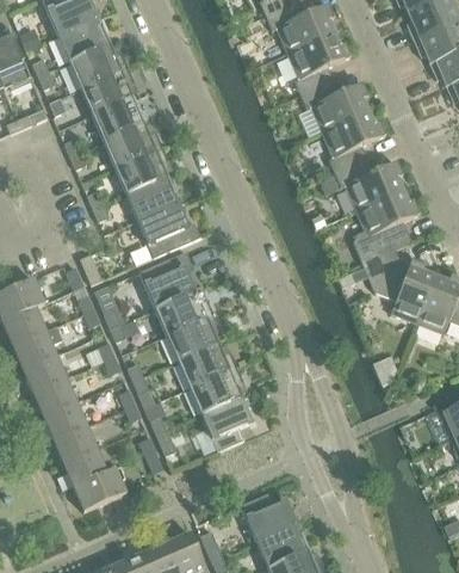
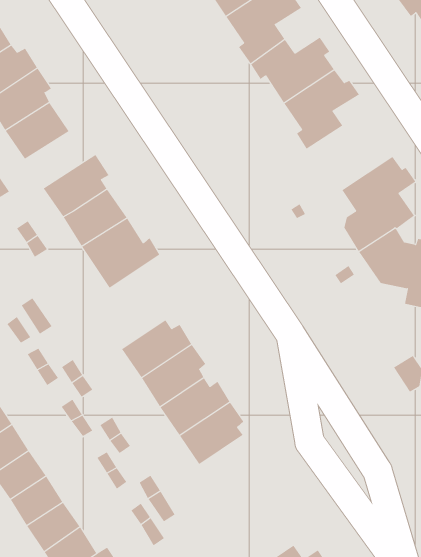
building: [103,123,161,166] -> none
building: [333,158,402,210] -> none
building: [138,251,194,308] -> none
building: [200,395,252,450] -> none

